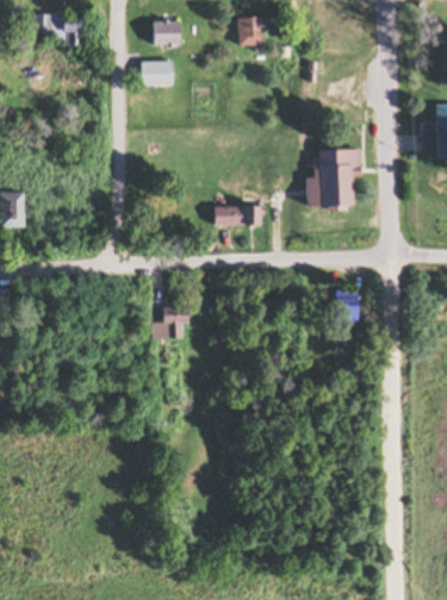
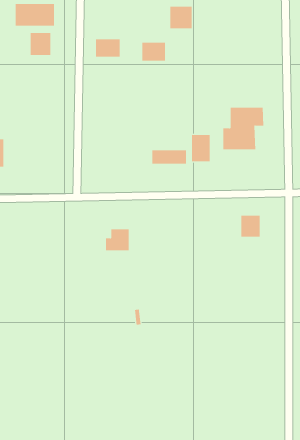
building: [151,20,184,45] -> [141,42,166,61]
building: none -> [30,32,51,56]
building: none -> [192,134,210,162]

